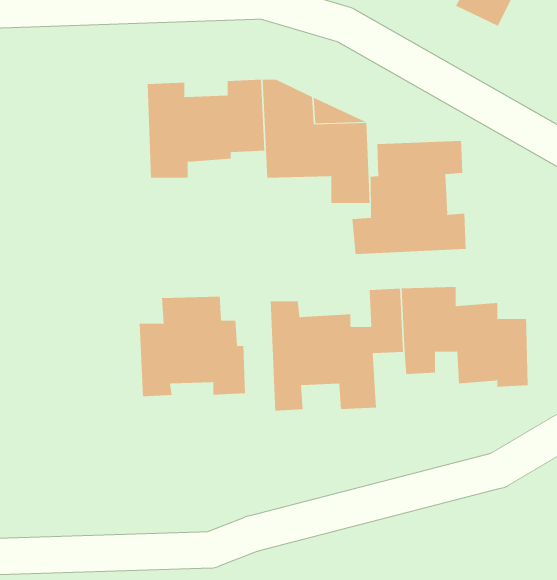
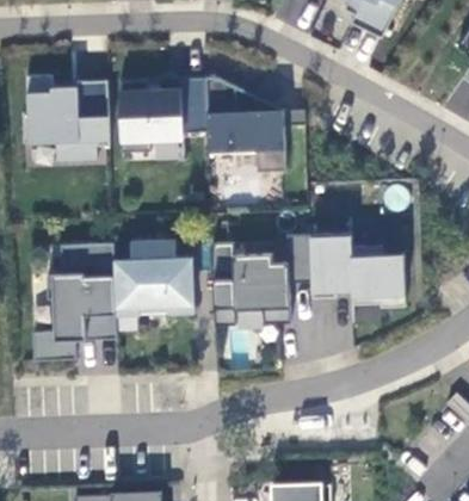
building: none -> [23,74,110,160]
building: [352,140,466,255] -> none
building: none -> [32,242,117,359]

